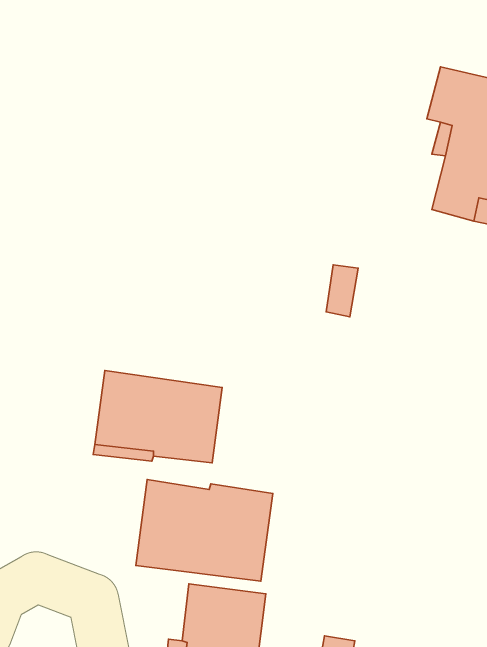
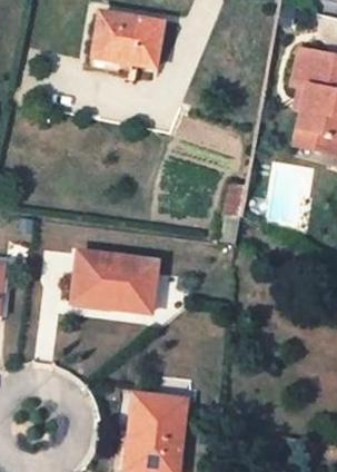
building: none -> [91,11,161,70]
building: [136,480,273,581] -> none

